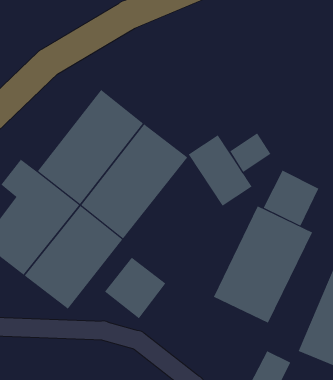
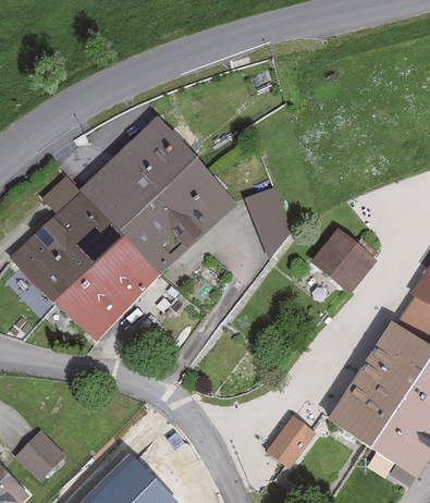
building: [229,132,271,173] -> none
building: [213,206,313,324] -> none
building: [104,257,166,319] -> none

